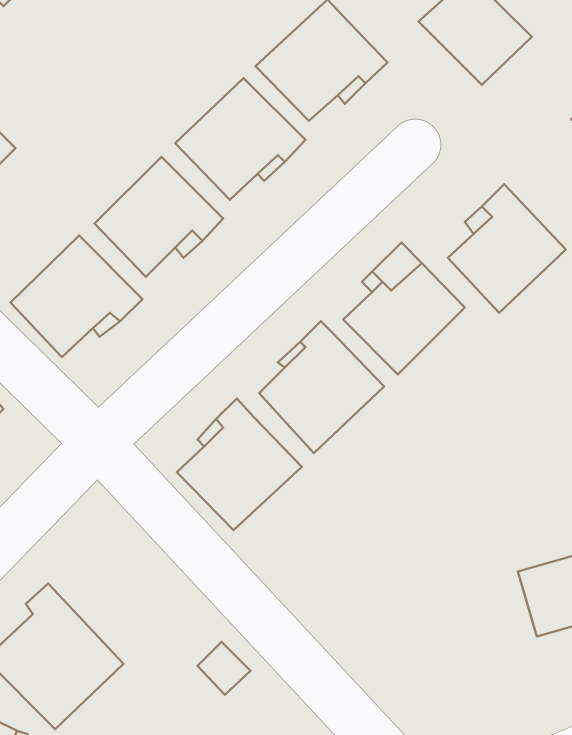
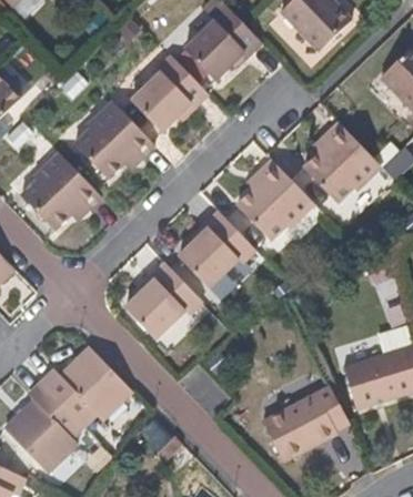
building: none -> [41,344,133,432]
building: none -> [258,381,346,455]

